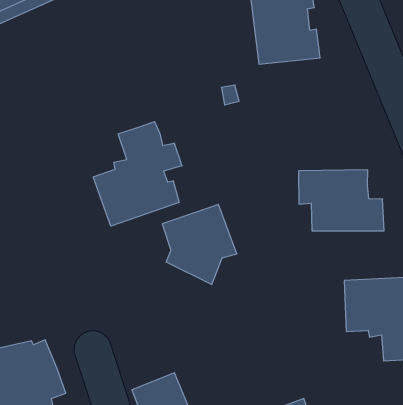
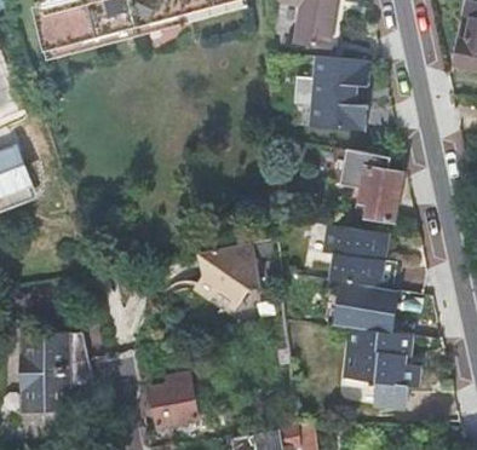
building: none -> [339,149,402,220]
building: [93,122,182,226] -> none
building: none -> [339,283,397,322]

